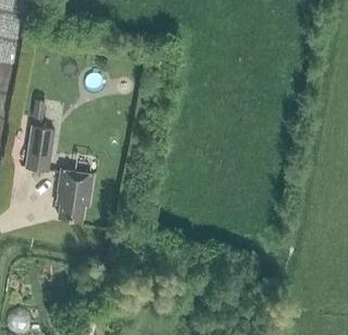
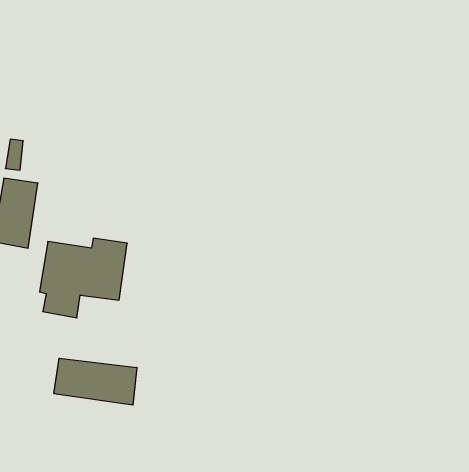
building: none -> [54,358,137,405]

